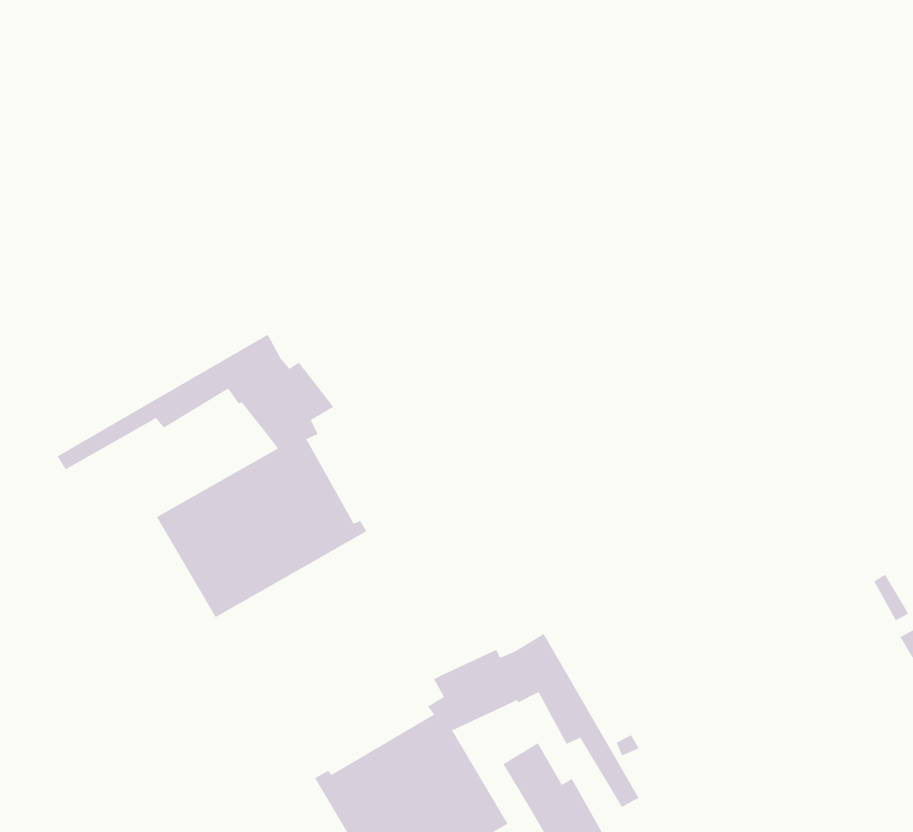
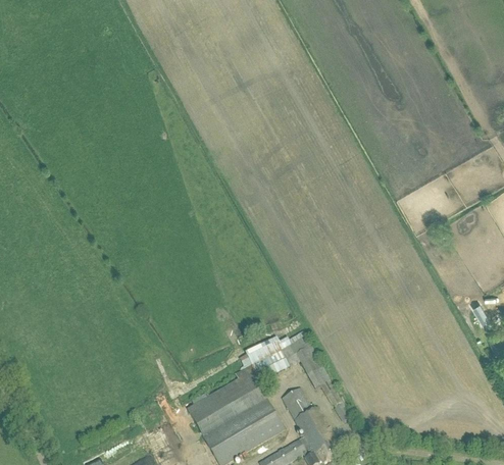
building: [57,334,367,618] -> none

